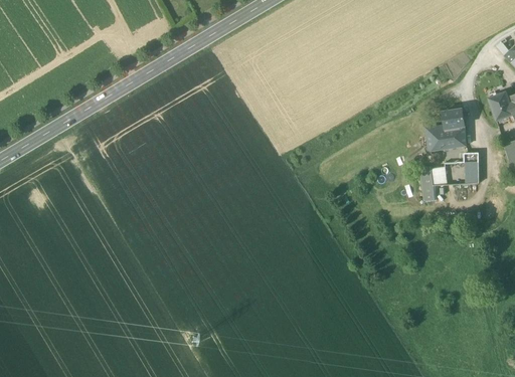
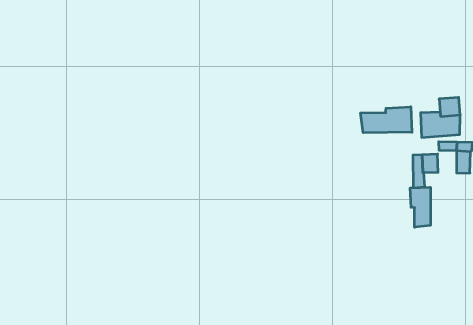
building: none -> [361,107,412,133]
building: none -> [410,187,430,227]

